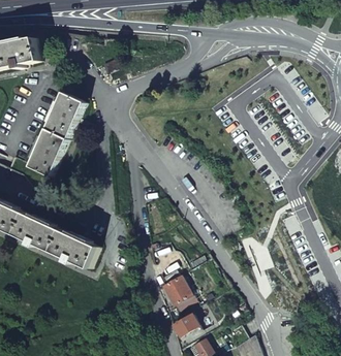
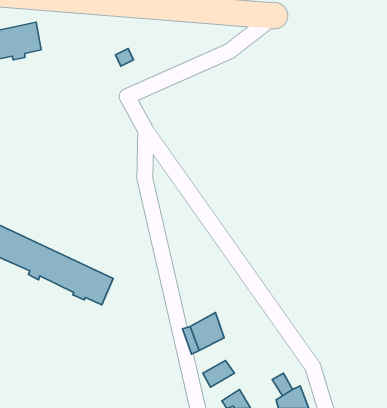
building: [28,92,84,175] -> none

